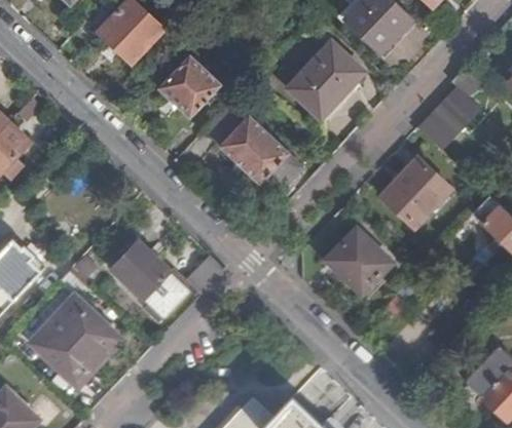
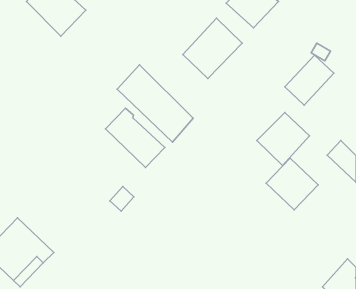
building: [157,55,222,118] -> none
building: [326,230,393,296] -> [266,158,318,210]
building: [113,242,189,318] -> [105,108,165,168]

